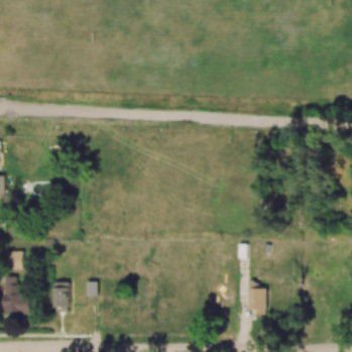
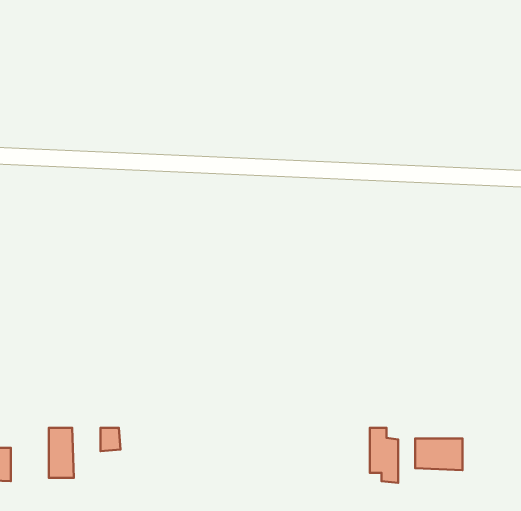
building: none -> [415,438,462,470]

